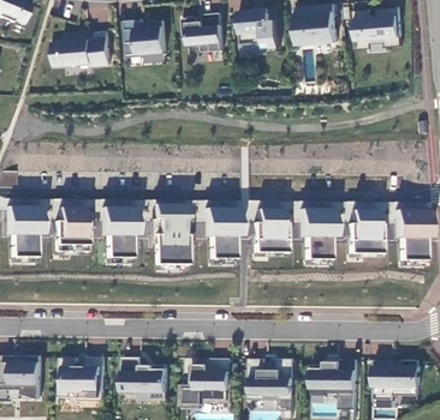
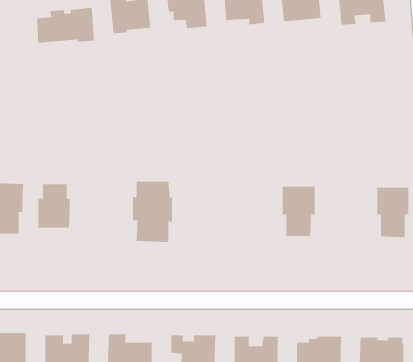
building: [101,205,135,257] -> none
building: [203,206,237,258] -> none
building: [251,208,284,252] -> none
building: [345,209,379,252] -> none

